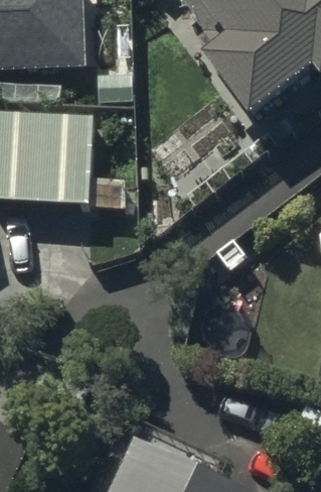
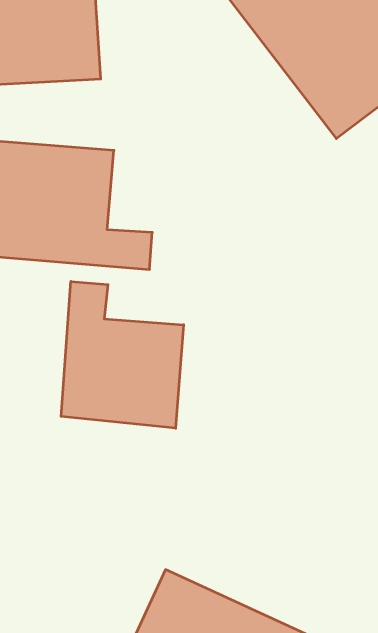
building: none -> [61,281,184,428]

